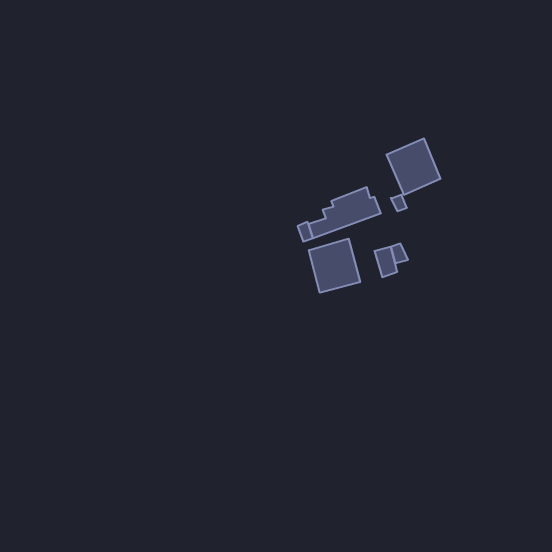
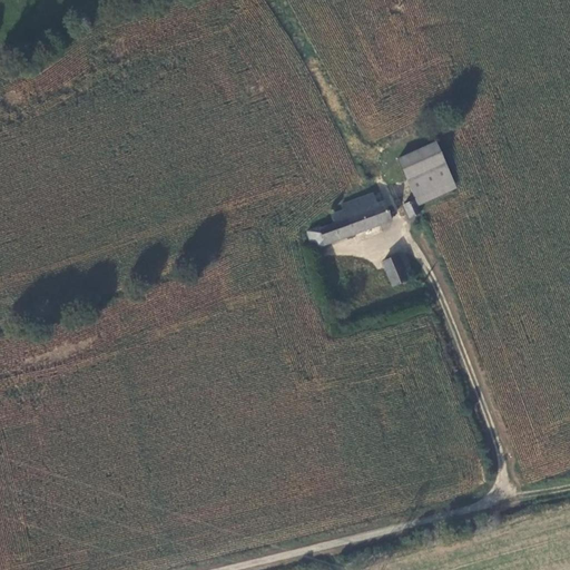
building: [309,239,360,293] -> none

